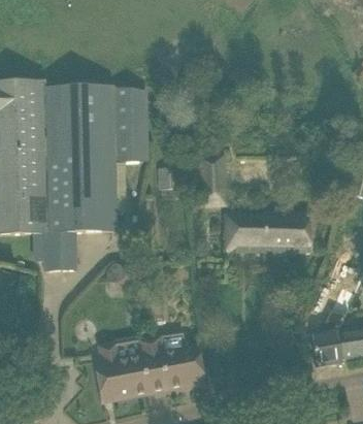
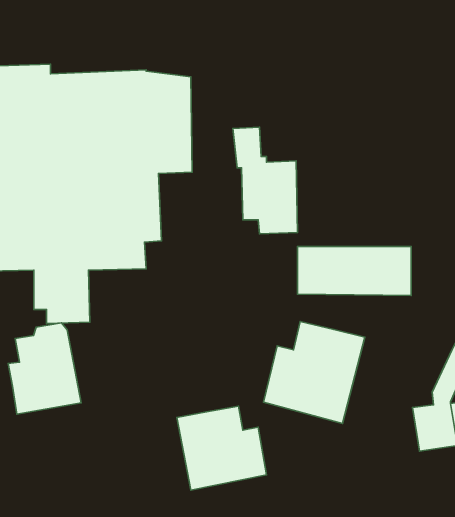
building: none -> [263,321,365,424]
building: [95,335,148,402] -> [8,323,81,414]

